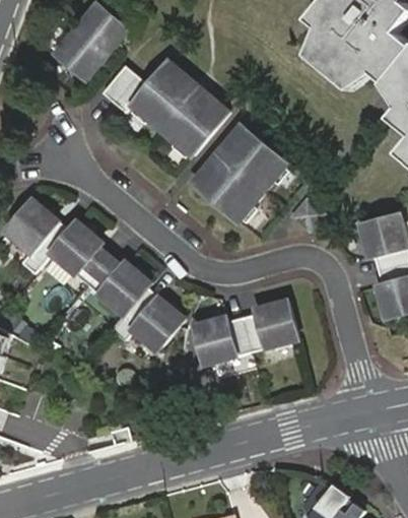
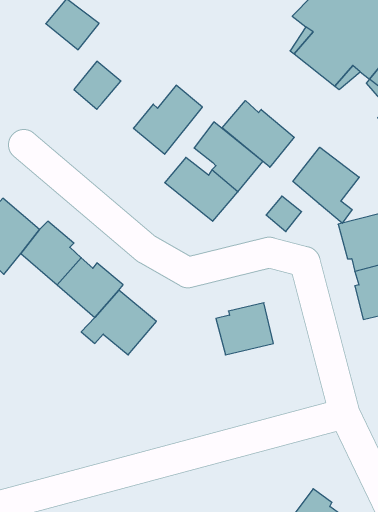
building: [55,29,106,79] -> none
building: [129,62,193,131] -> none
building: none -> [222,101,294,167]
building: none -> [293,147,359,223]
building: [193,316,249,364] -> none

